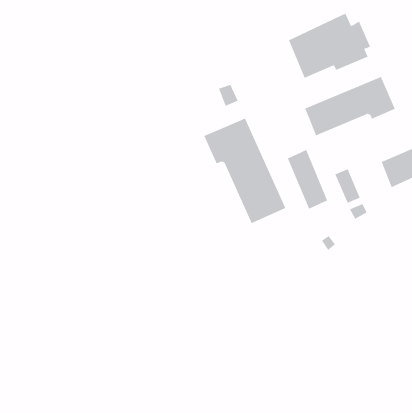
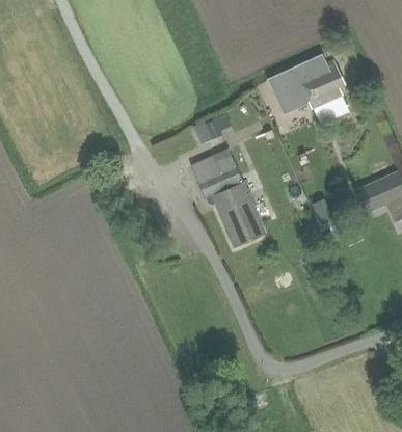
building: [304,76,396,136] -> none
building: [287,149,328,209] -> none

